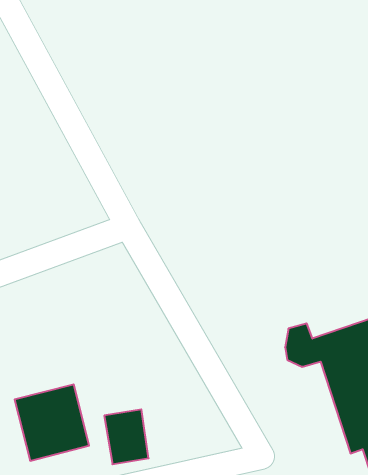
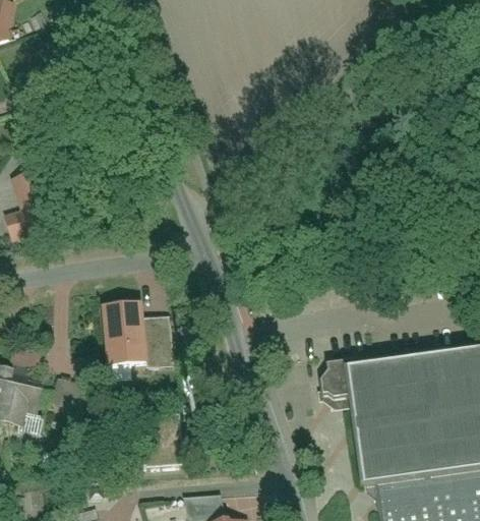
building: [15,384,89,461] -> [98,299,162,365]

